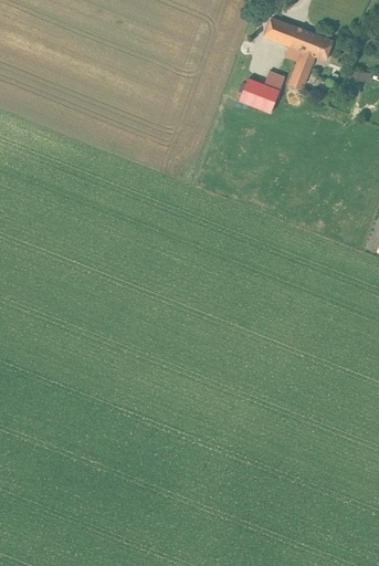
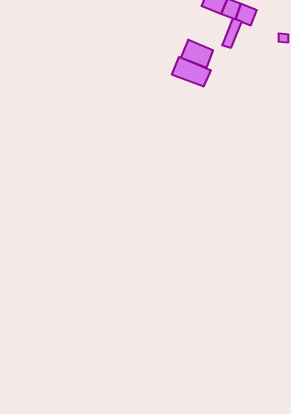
building: none -> [172,57,211,87]

